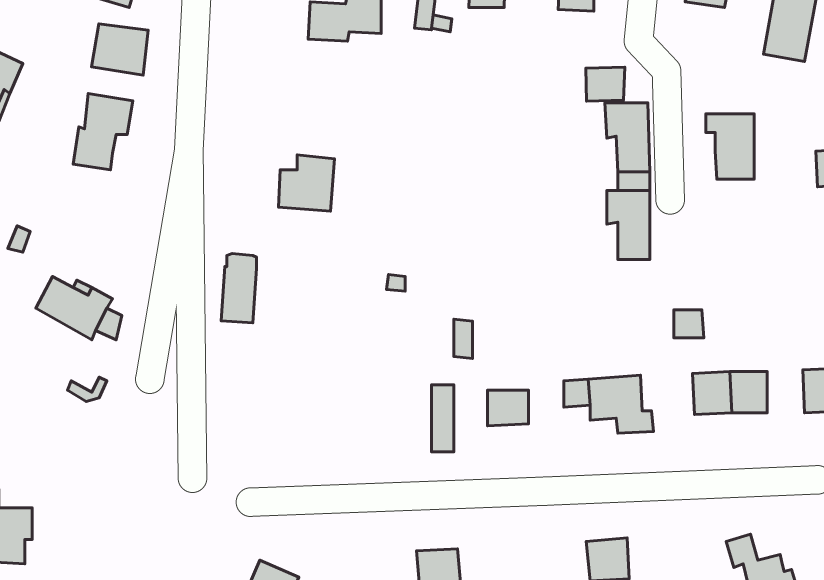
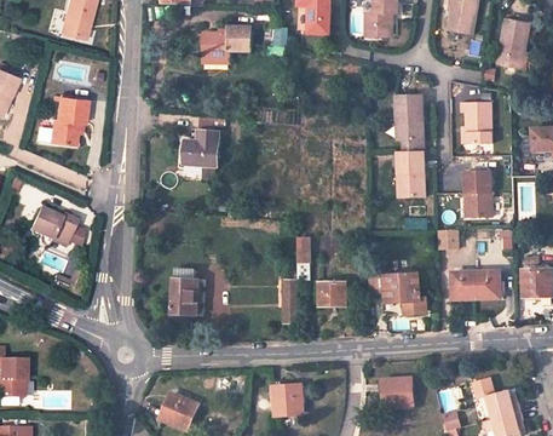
building: [91,24,148,75] -> none
building: [586,67,625,101] -> none
building: none -> [465,173,491,219]
building: [221,254,257,323] -> [171,269,194,314]

